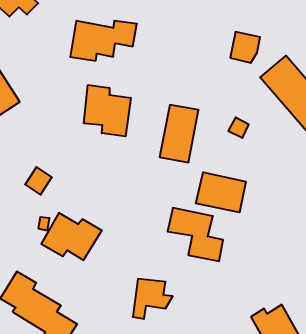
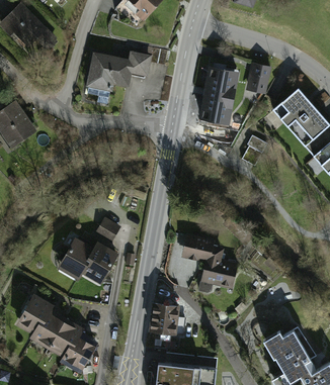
building: [84,85,131,136] -> none
building: [160,105,199,162] -> [199,66,238,122]
building: [25,167,52,195] -> [95,219,121,247]
building: [196,172,246,212] -> none

